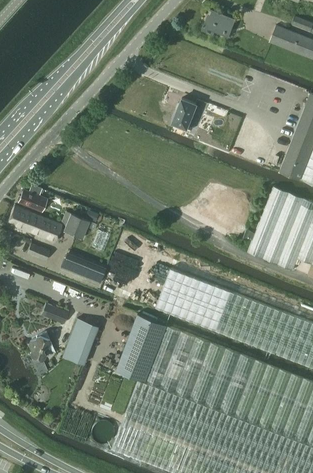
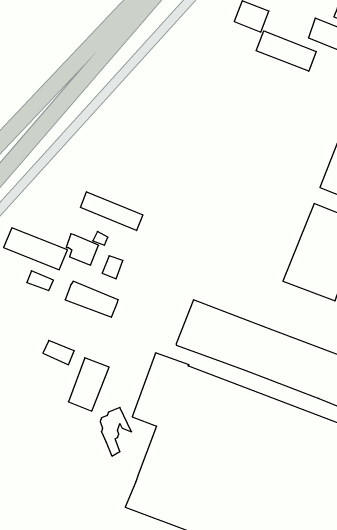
building: none -> [256,31,316,71]
building: [172,99,201,131] -> none
building: none -> [81,192,143,231]
building: [17,186,47,213] -> none
building: [29,333,56,375] -> [100,407,132,456]

